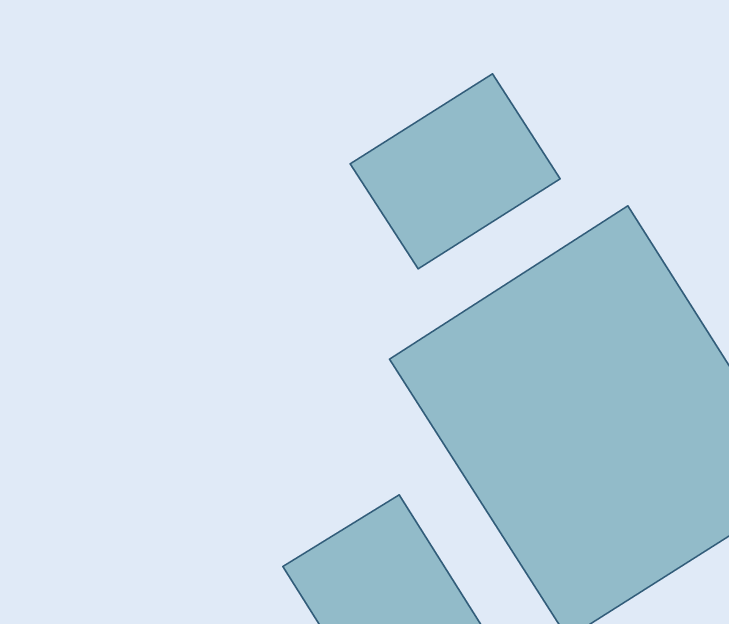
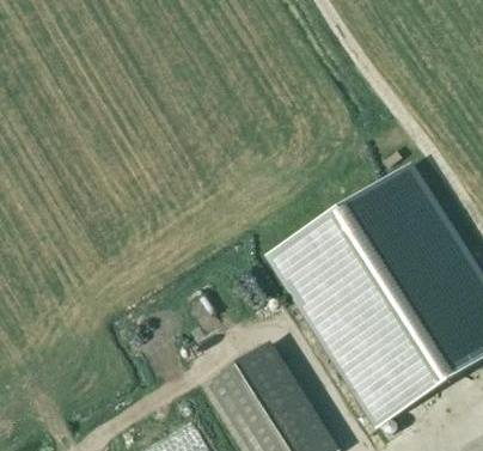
building: [350,74,560,269] -> none

